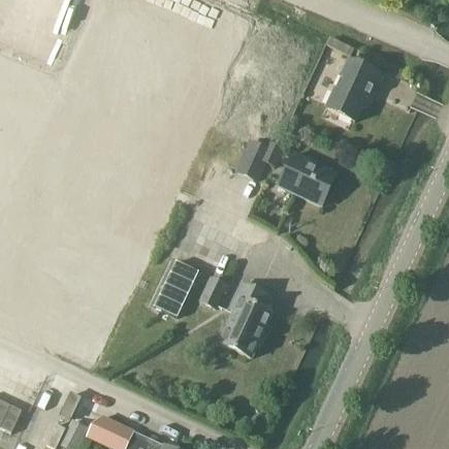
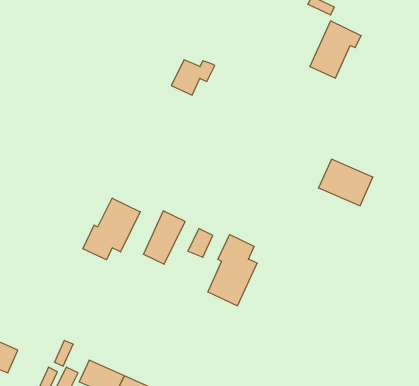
building: [236,141,282,179] -> [171,60,215,95]
building: [278,153,334,201] -> [318,159,373,206]
building: none -> [83,198,140,260]

